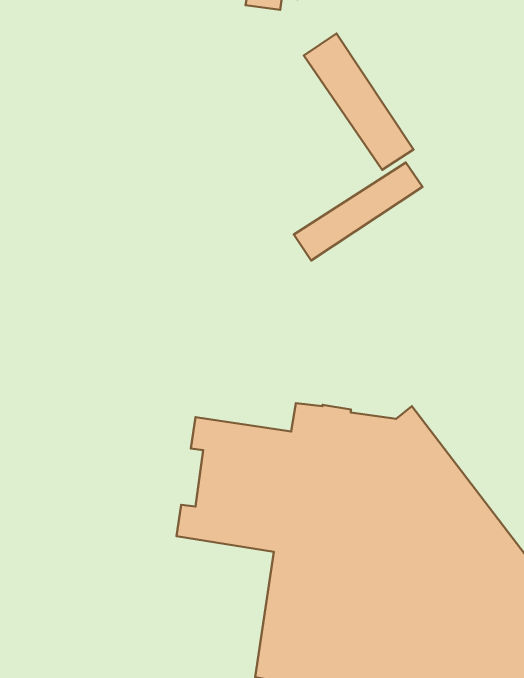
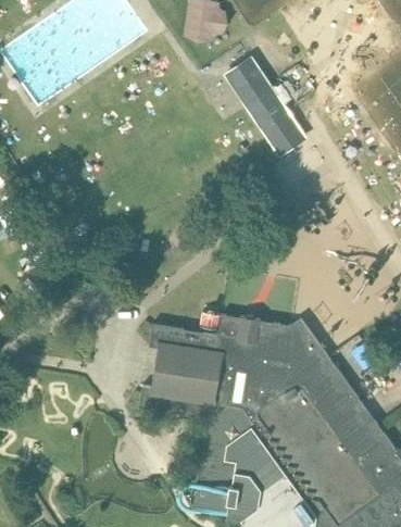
building: [294,162,422,260] -> none

